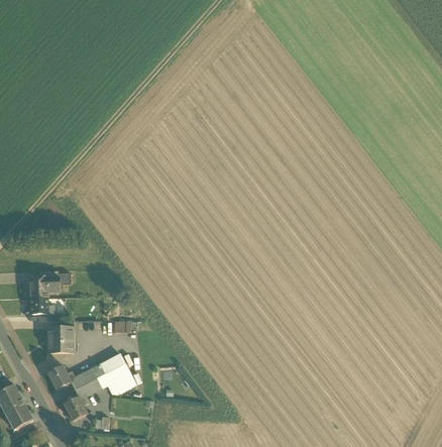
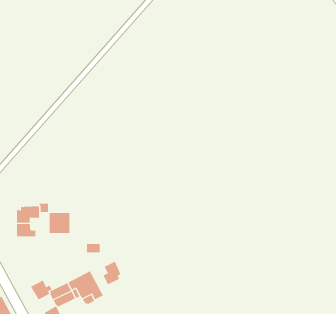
building: [48,329,74,354] -> [49,212,70,233]
building: none -> [103,261,121,285]

